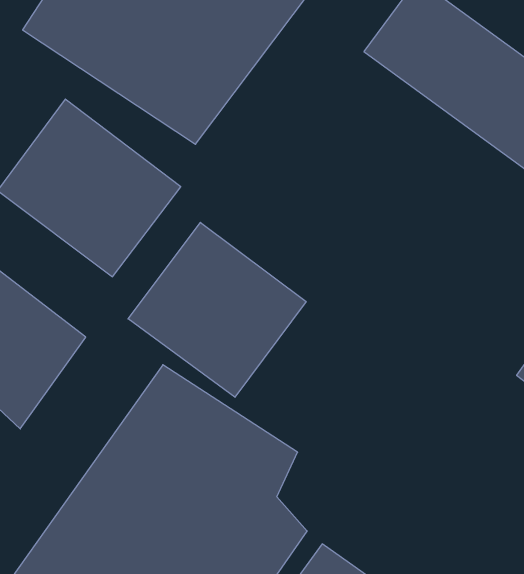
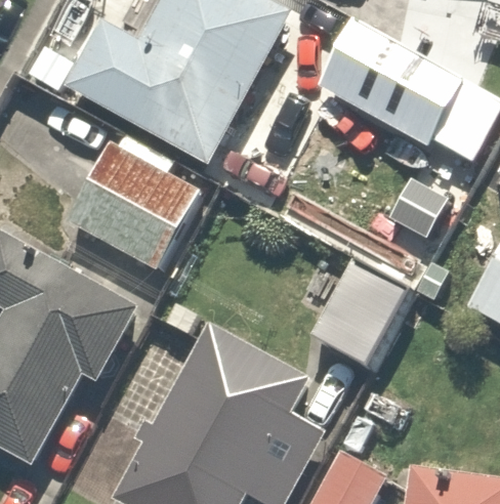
building: [128,222,306,397] -> none
building: none -> [307,257,410,365]

